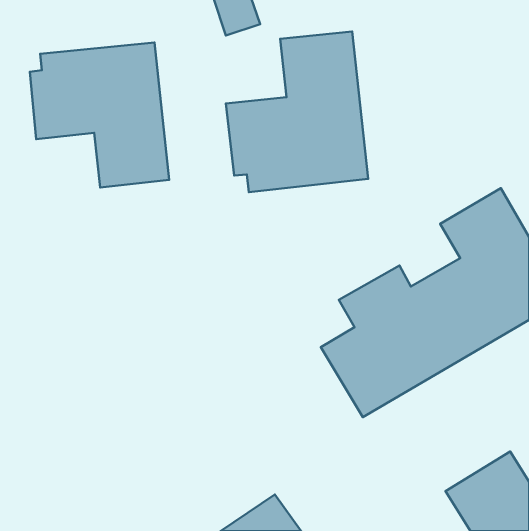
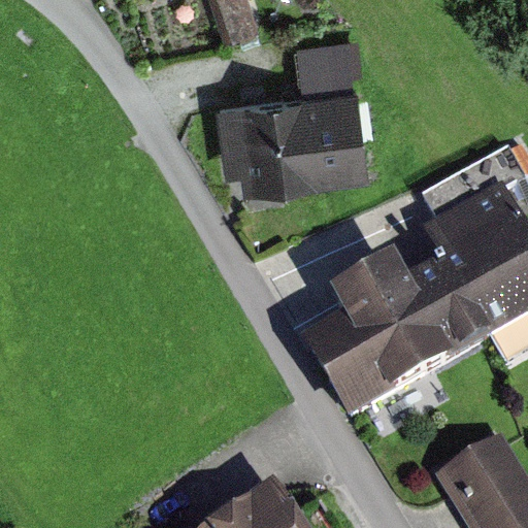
building: [30,42,169,187] -> none

